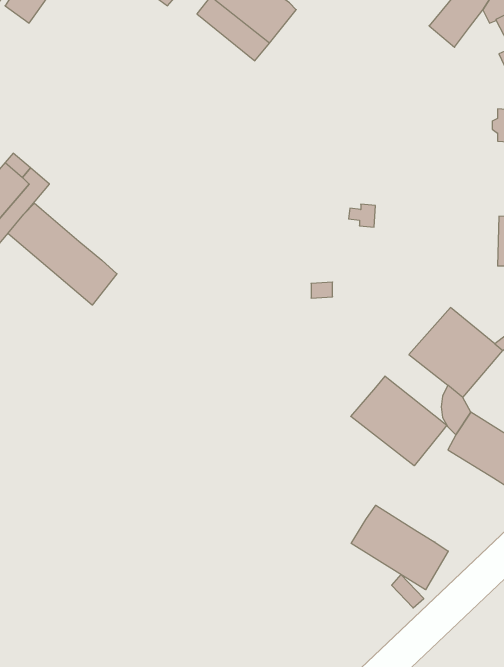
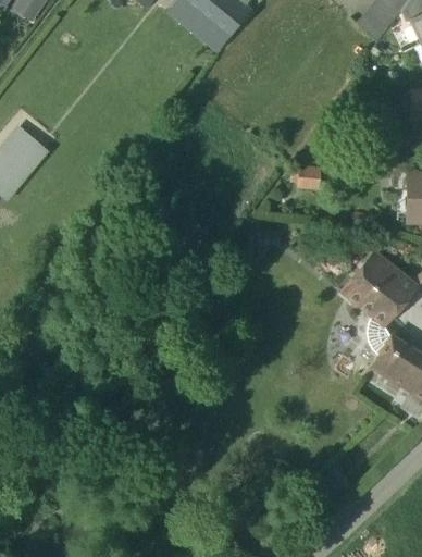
building: [8,203,117,305] -> none
building: [351,376,447,466] -> none
building: [351,505,448,590] -> none

